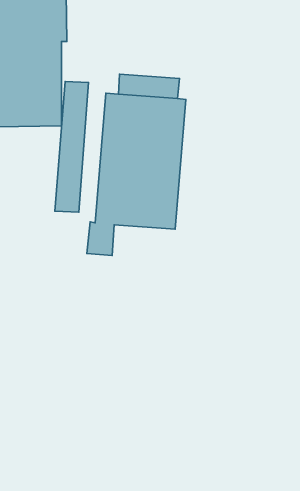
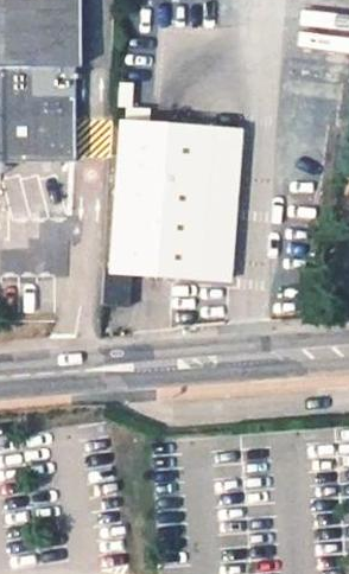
building: [55,81,88,212] -> [202,129,240,276]

